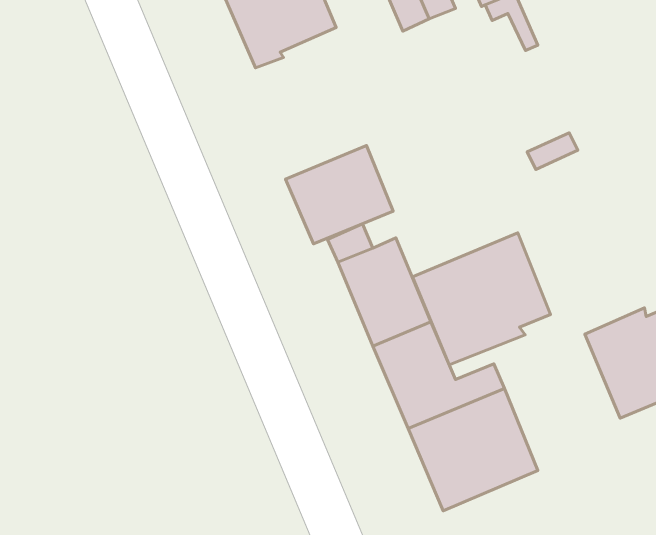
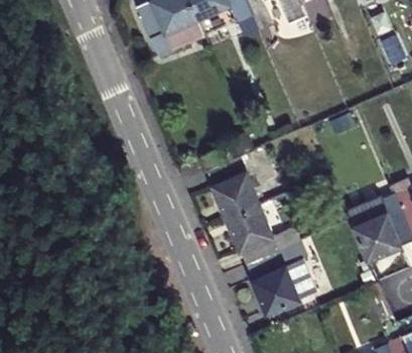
building: [285,146,393,244] -> none
building: [412,233,550,365] -> none

